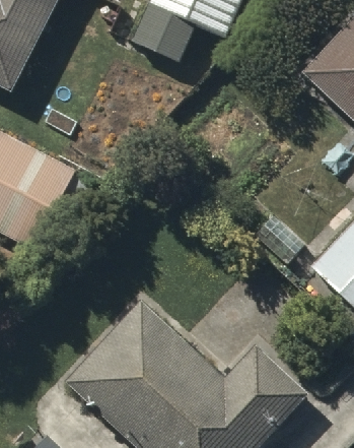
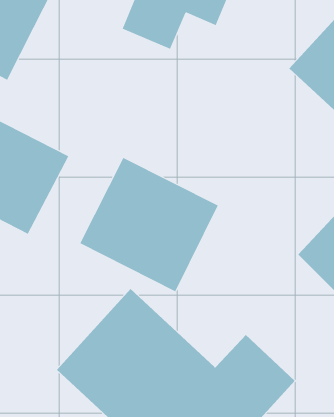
building: none -> [80,157,219,292]

